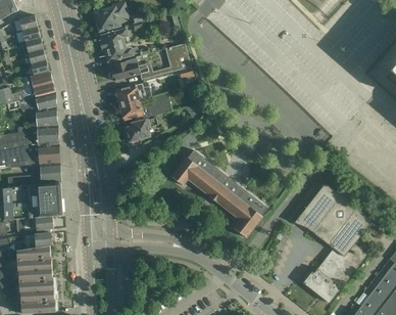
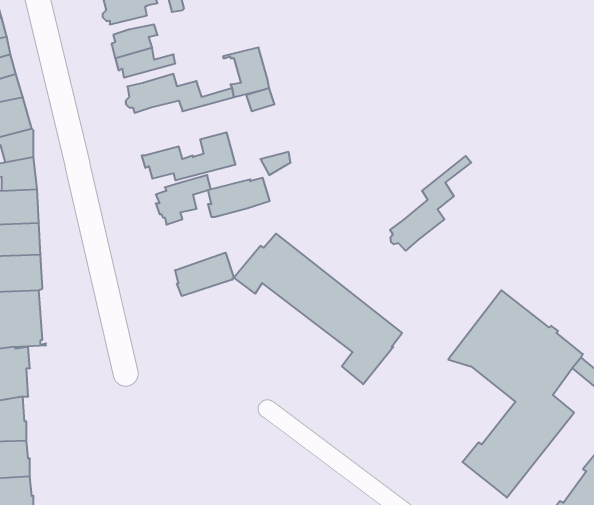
building: [115,83,151,105] -> [208,178,270,217]
building: none -> [390,156,471,251]
building: none -> [175,253,234,296]

